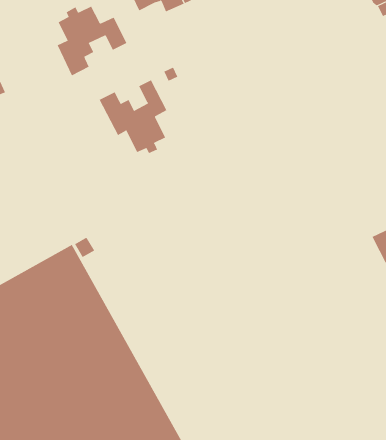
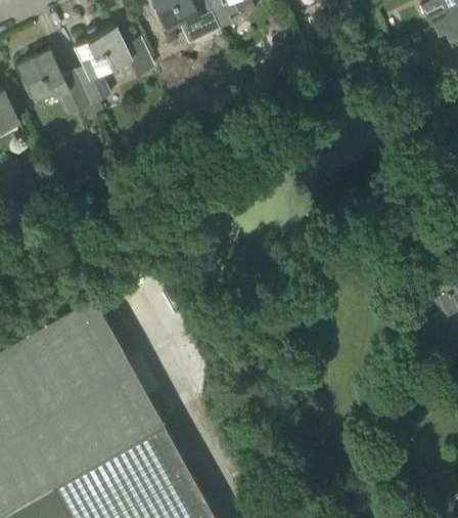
building: none -> [17,50,91,116]
building: [99,79,167,154] -> none

